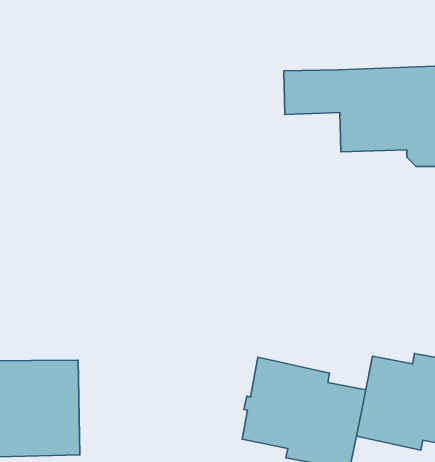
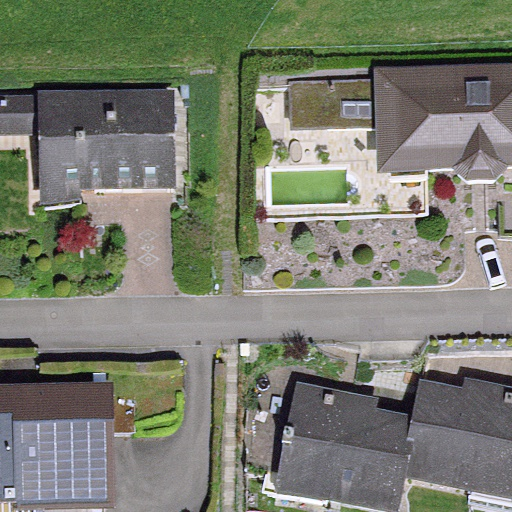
building: none -> [39,94,171,186]

